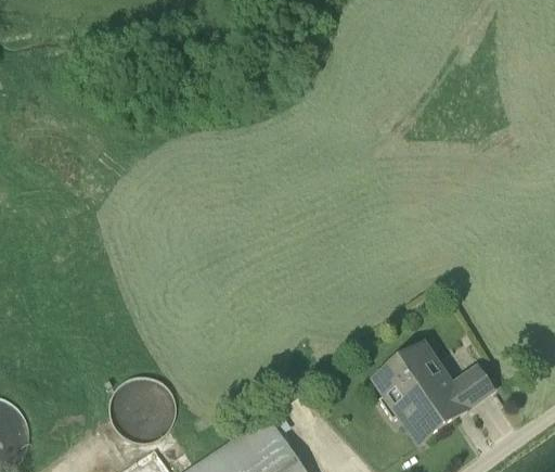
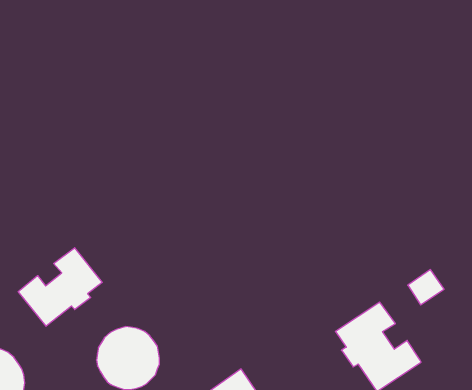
building: none -> [18,248,102,326]
building: [450,368,490,407] -> [408,270,444,305]

